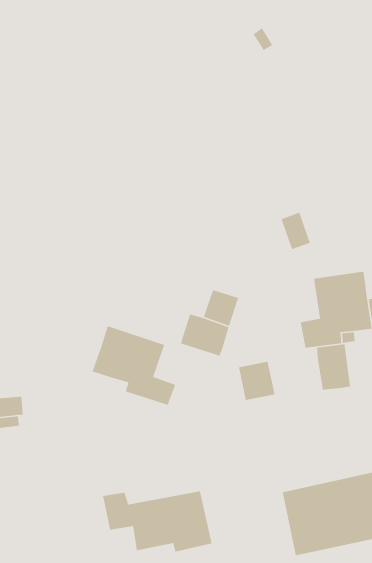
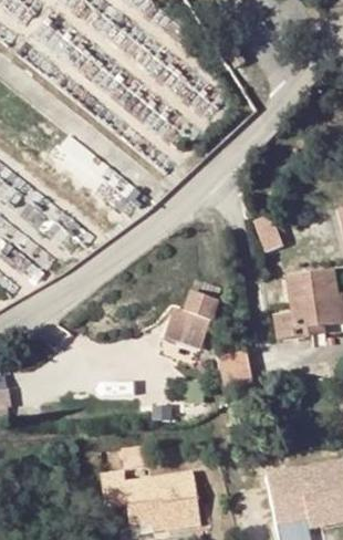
building: [91,325,176,406] -> none
building: [316,343,351,391] -> none

